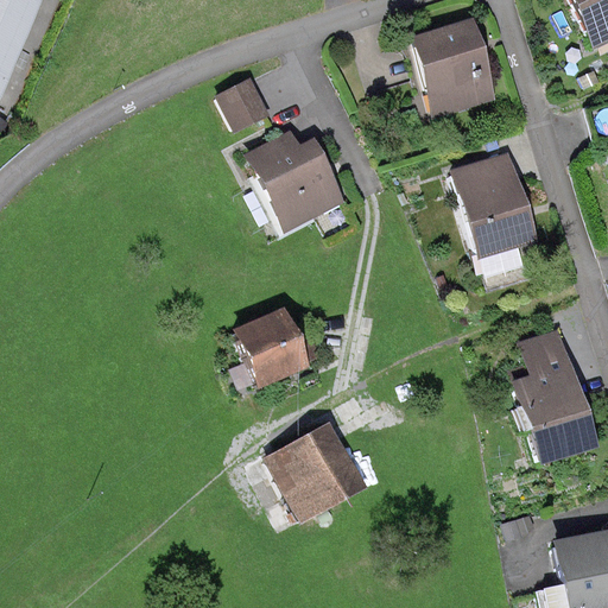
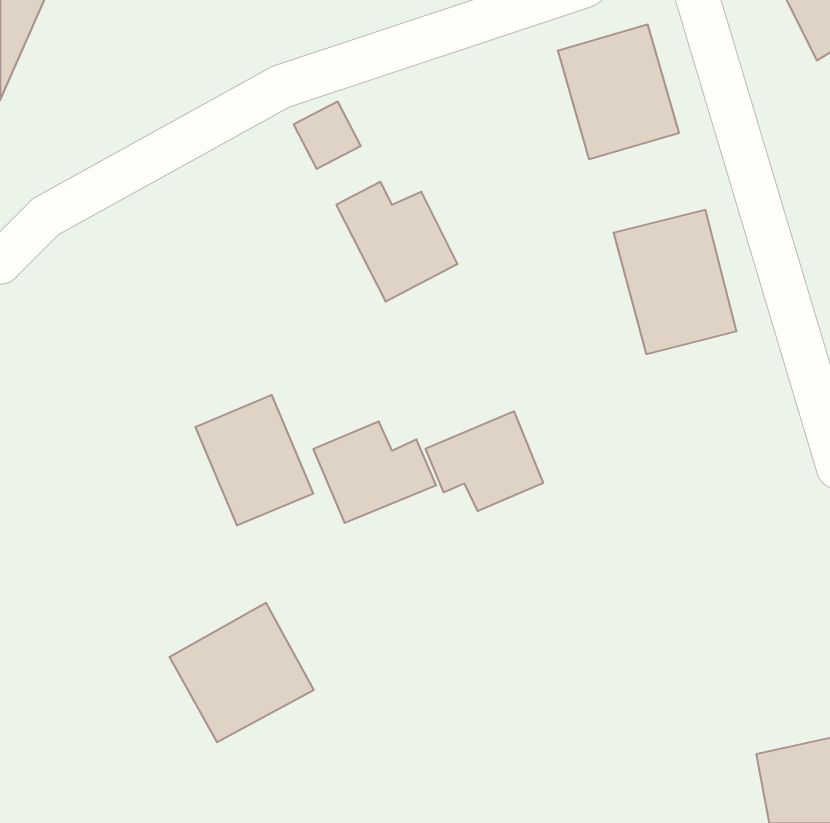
building: none -> [195,395,313,526]
building: none -> [426,411,543,511]
building: [519,341,594,471] -> none
building: [260,424,365,525] -> [169,603,314,742]

